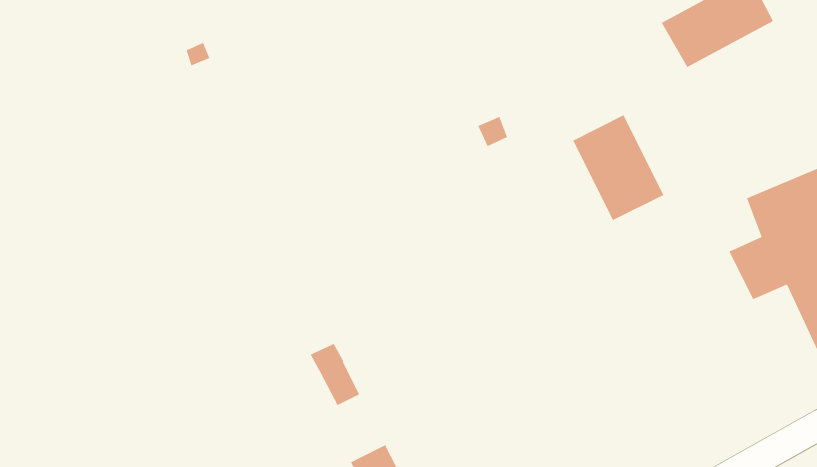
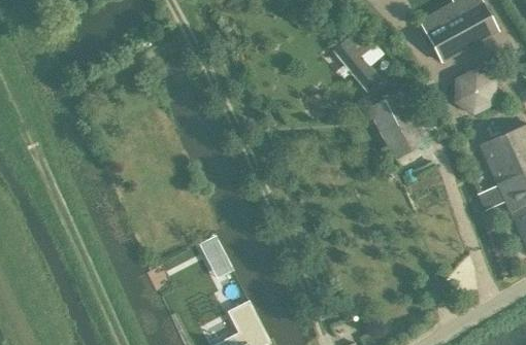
building: none -> [333,38,383,93]
building: none -> [456,67,496,112]

